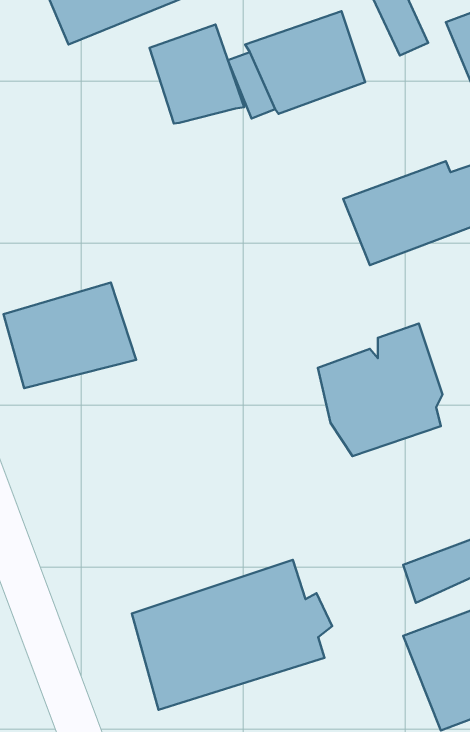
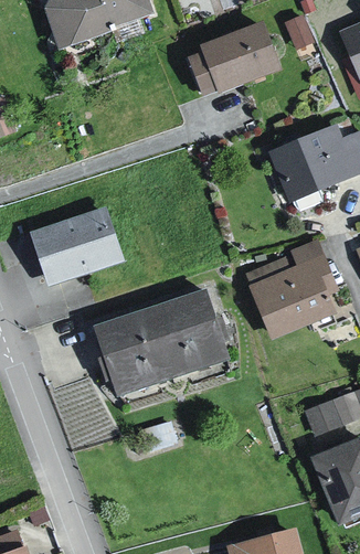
building: [149,24,244,123] -> none
building: [132,560,332,710] -> [93,289,233,394]

